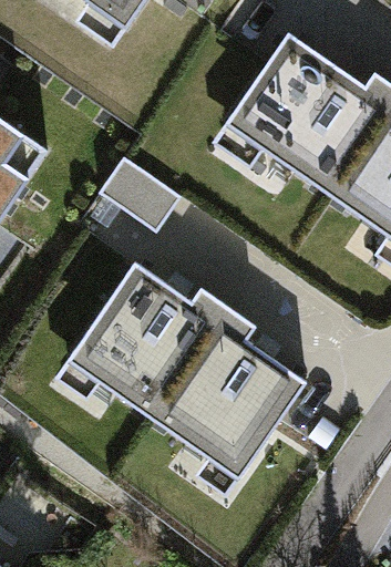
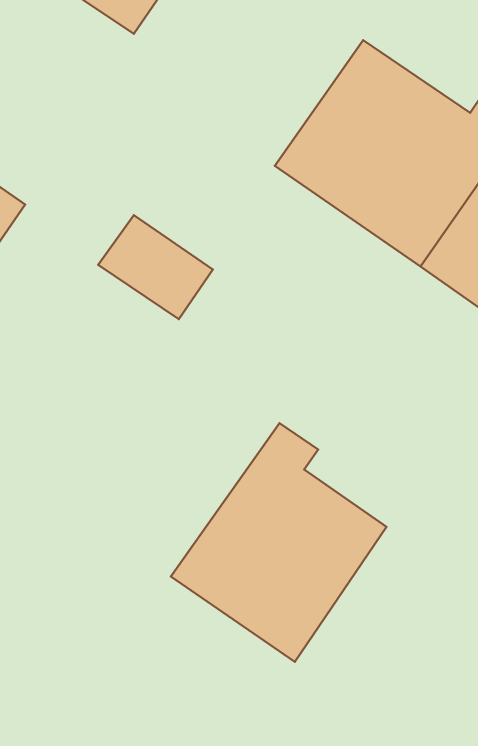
building: [69,262,229,416] -> none

